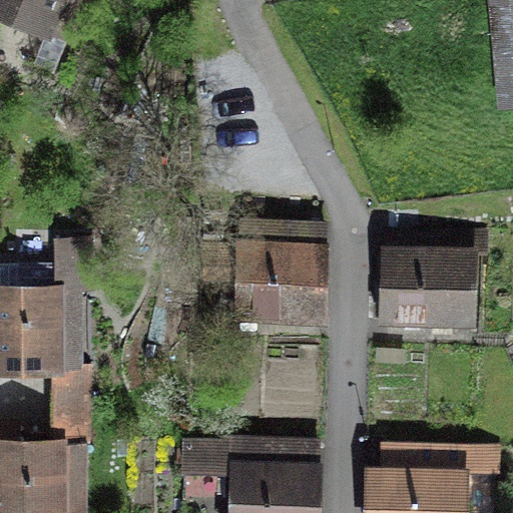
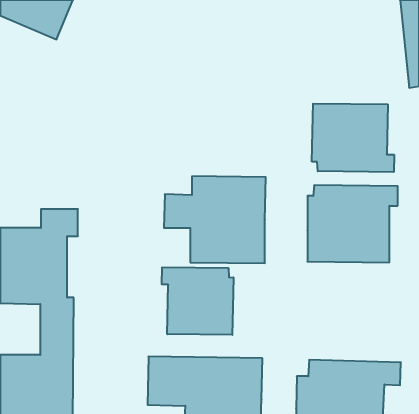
building: none -> [312,104,394,172]
building: none -> [162,267,233,335]

